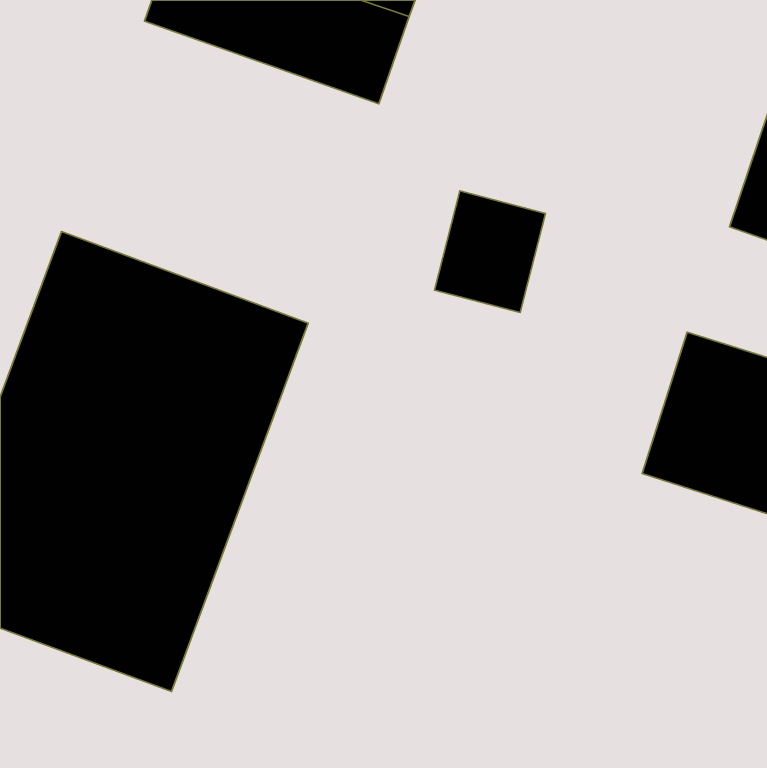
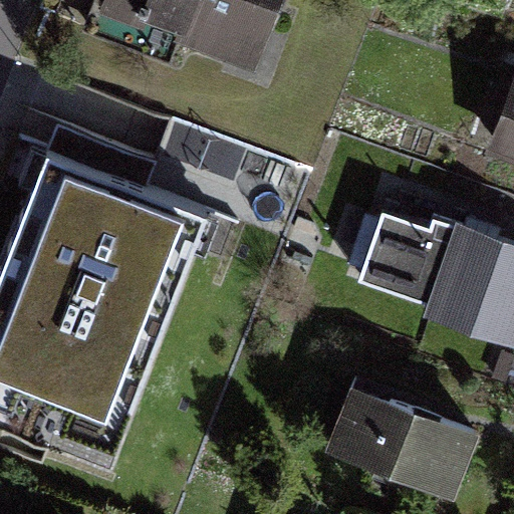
building: [434,191,546,313] -> [363,199,438,280]
building: none -> [328,389,469,495]

